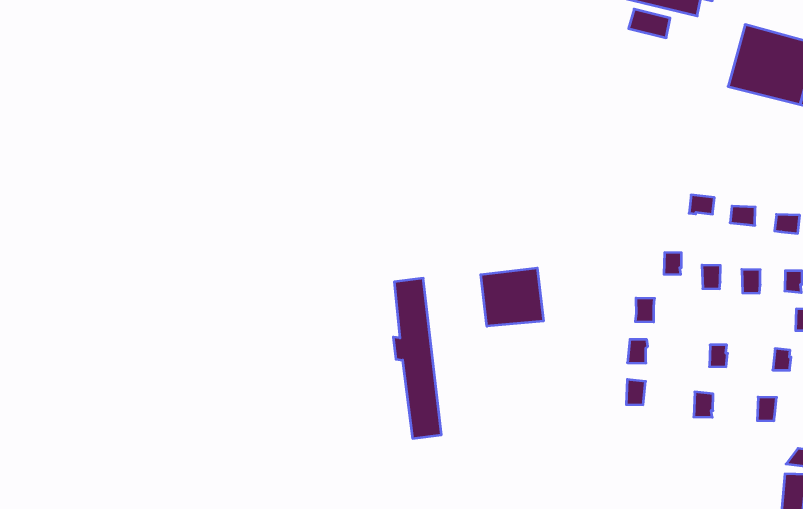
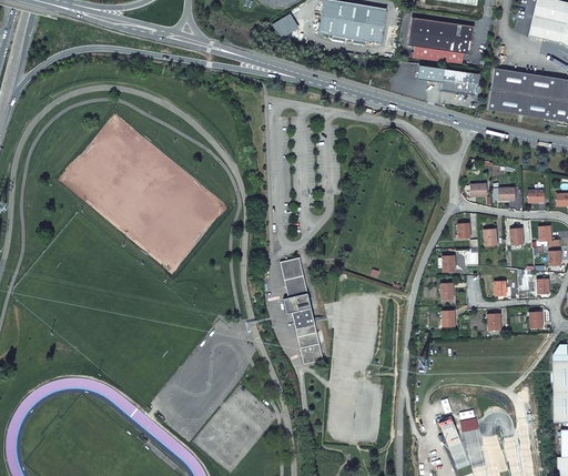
building: none -> [442,69,479,95]
building: [481,268,543,326] -> none

